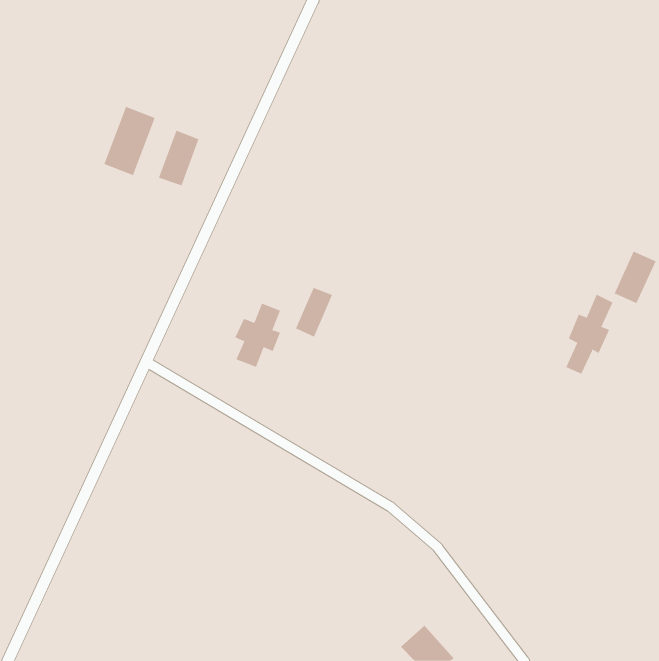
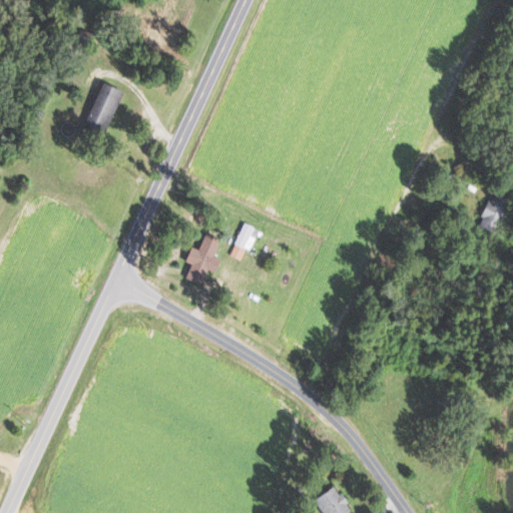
building: [158,130,199,186] -> none
building: [566,294,613,375] -> none

